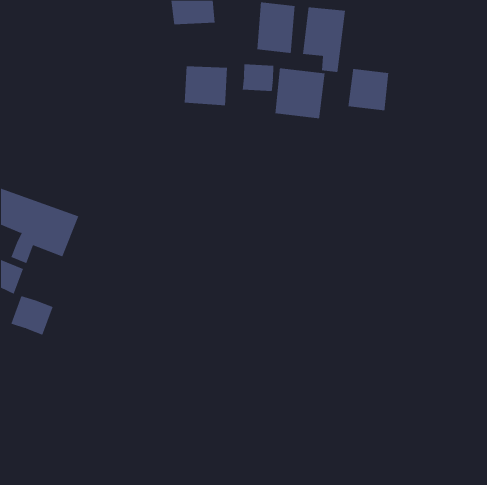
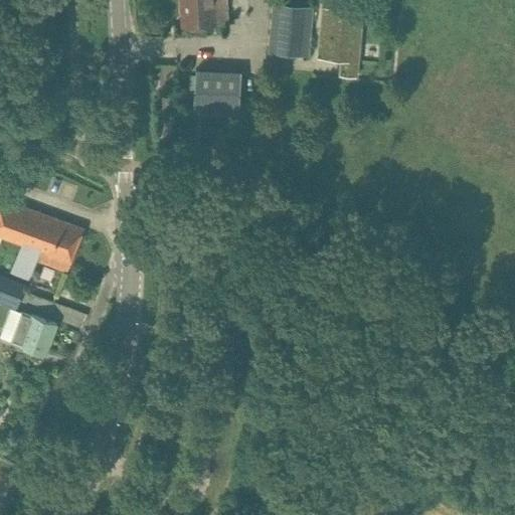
building: [242,64,274,92] -> none
building: [275,68,325,119] -> none
building: [348,68,389,111] -> none

